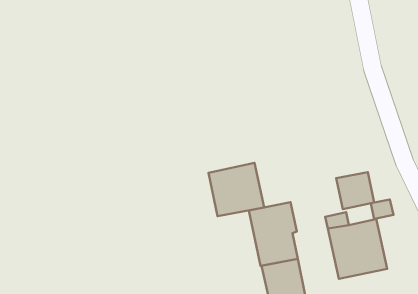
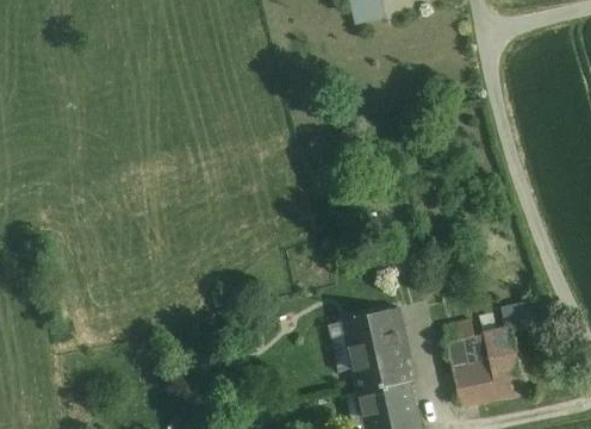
building: [209,163,264,216] -> none
building: [336,172,374,209] -> none

